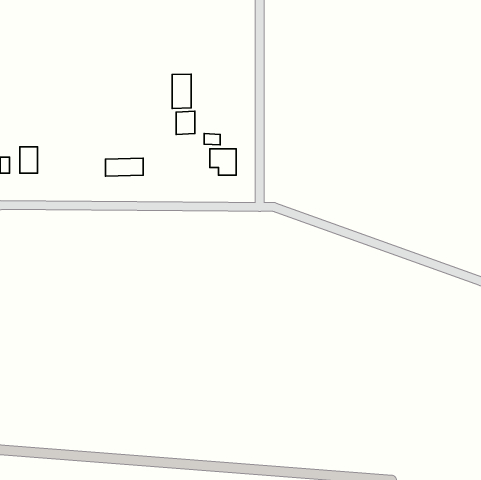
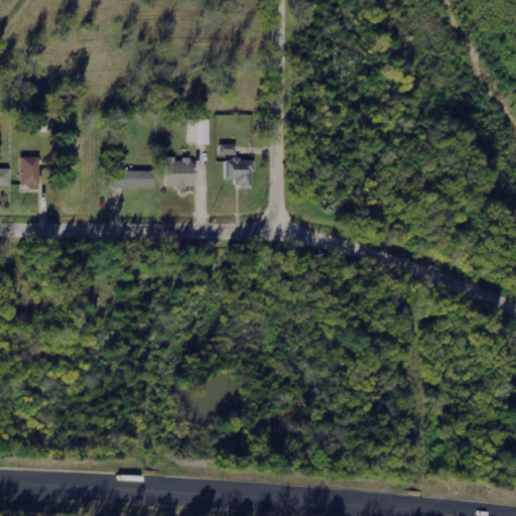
building: [172,74,191,108] -> none
building: none -> [165,158,195,187]

